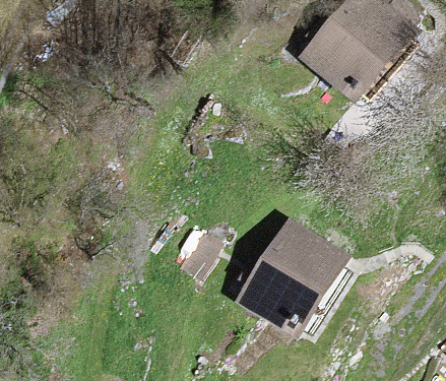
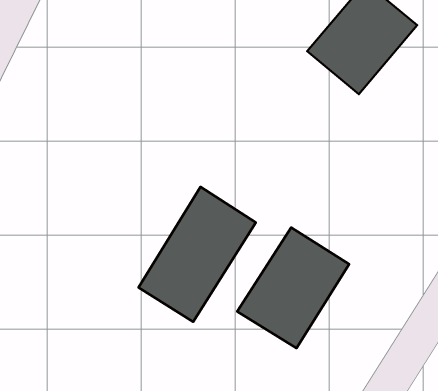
building: none -> [138,187,256,322]

